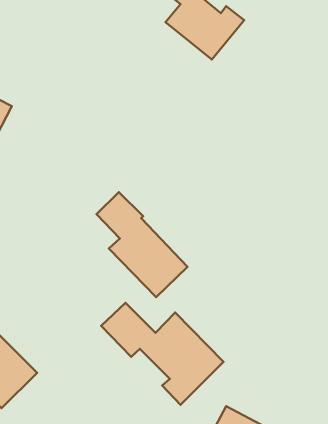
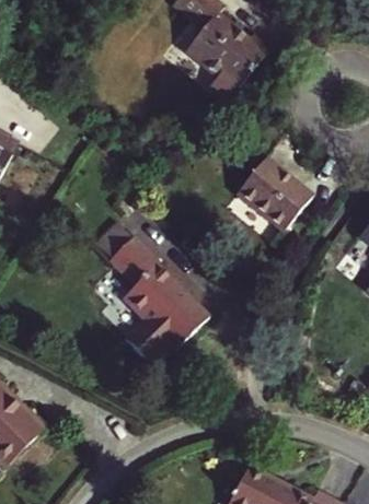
building: none -> [237,159,311,230]
building: [101,303,223,405] -> none

